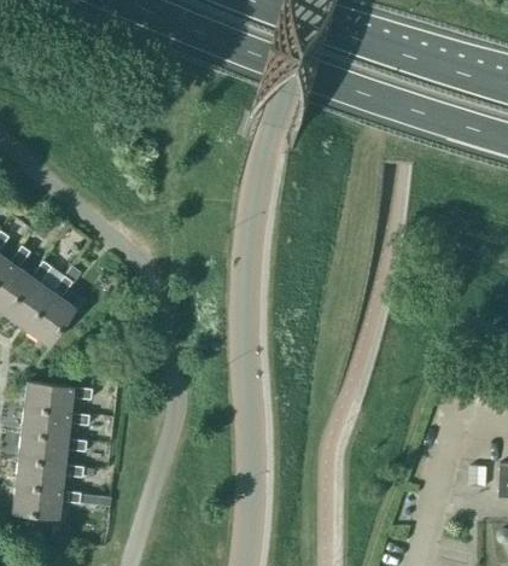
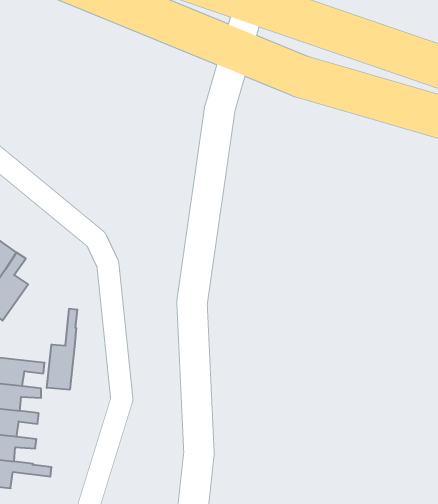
building: none -> [47,309,77,390]

